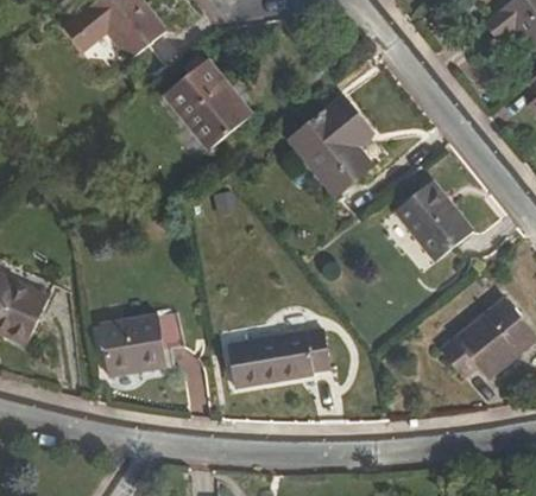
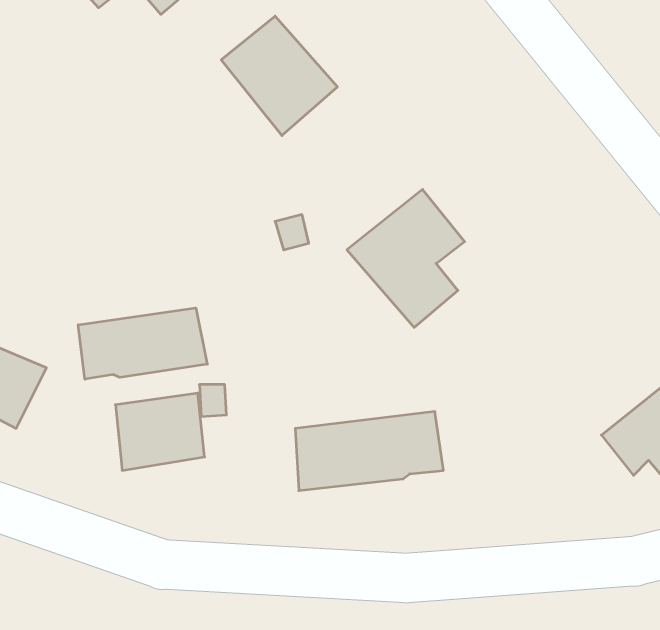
building: [290,95,373,192] -> [347,189,465,327]
building: [396,185,469,260] -> none
building: none -> [78,308,207,379]

